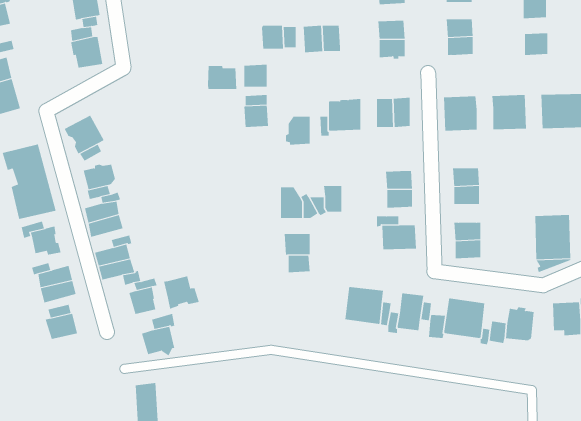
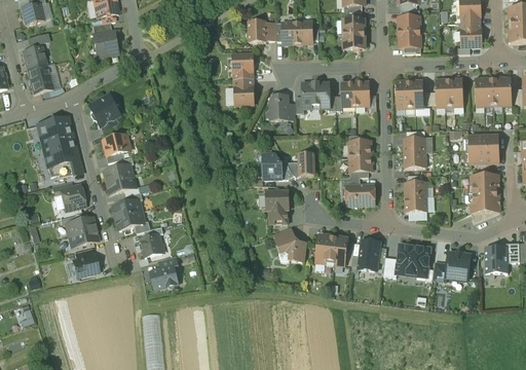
building: [207,65,237,90] -> none
building: none -> [468,134,498,163]
building: [164,275,199,309] -> none
building: none -> [273,226,305,260]

